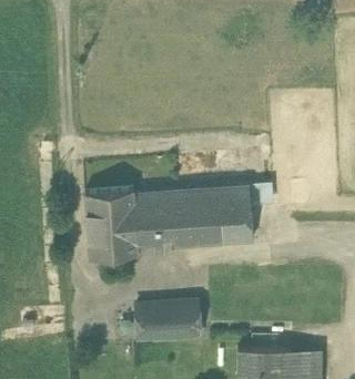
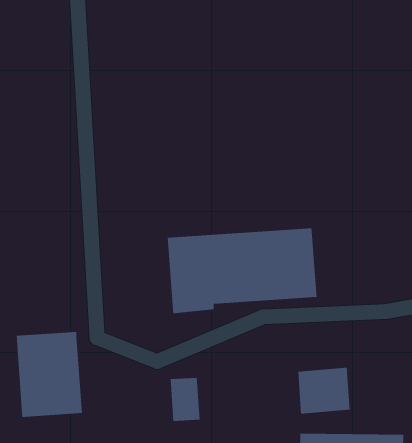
building: [84,189,138,258] -> [16,331,83,418]
building: [158,301,200,339] -> [297,367,350,414]

